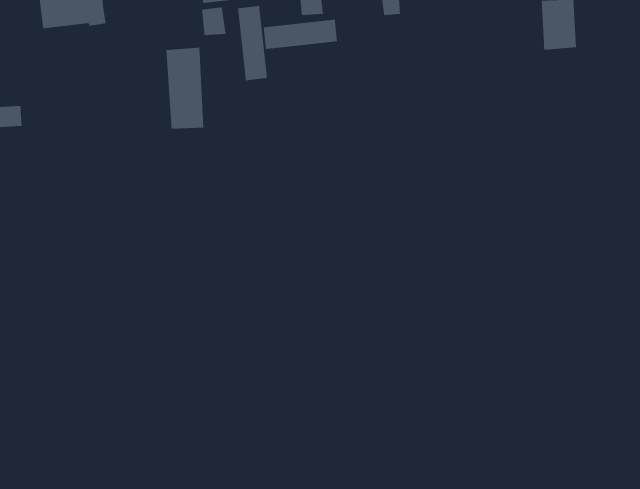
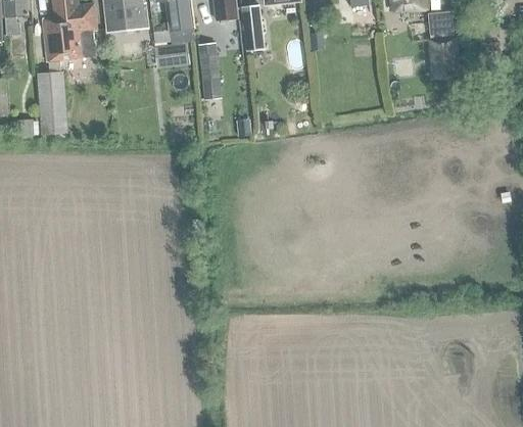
building: [263,19,338,50] -> none
building: [166,47,204,129] -> [36,70,65,134]

